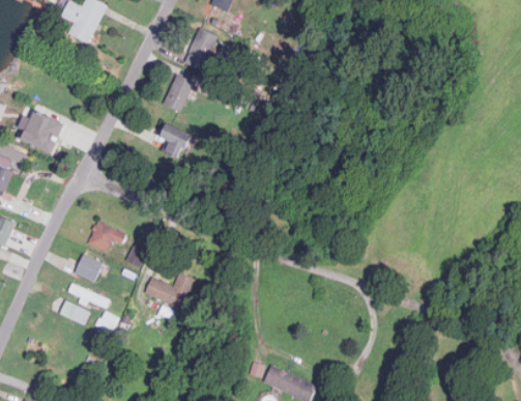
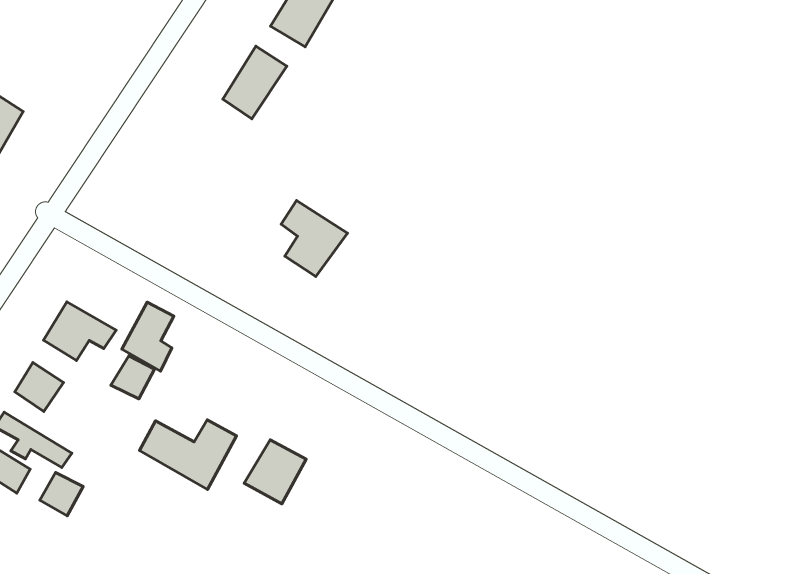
building: [157,121,193,160] -> [281,200,347,276]
building: none -> [122,302,174,371]
building: none -> [244,440,306,504]

